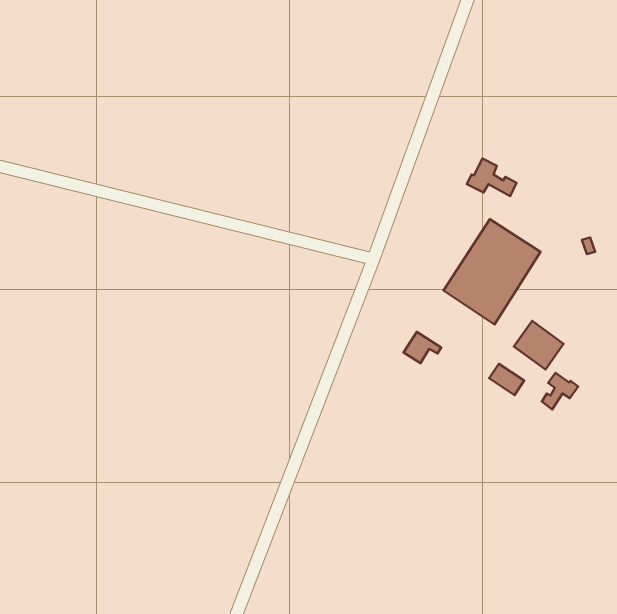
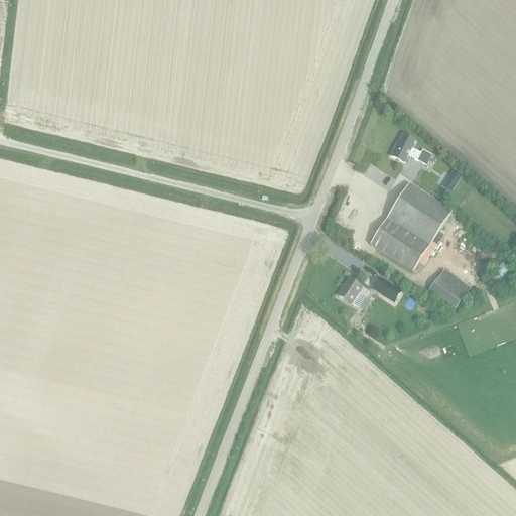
building: [489,364,524,395] -> [371,275,400,301]
building: [542,373,578,409] -> none

